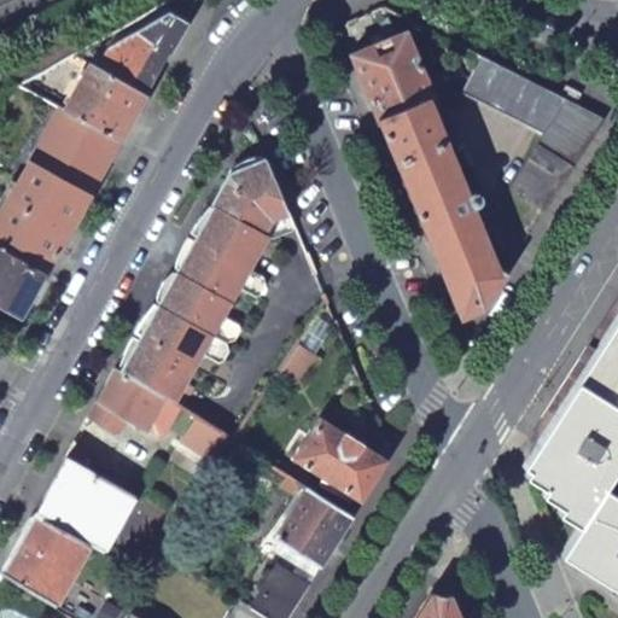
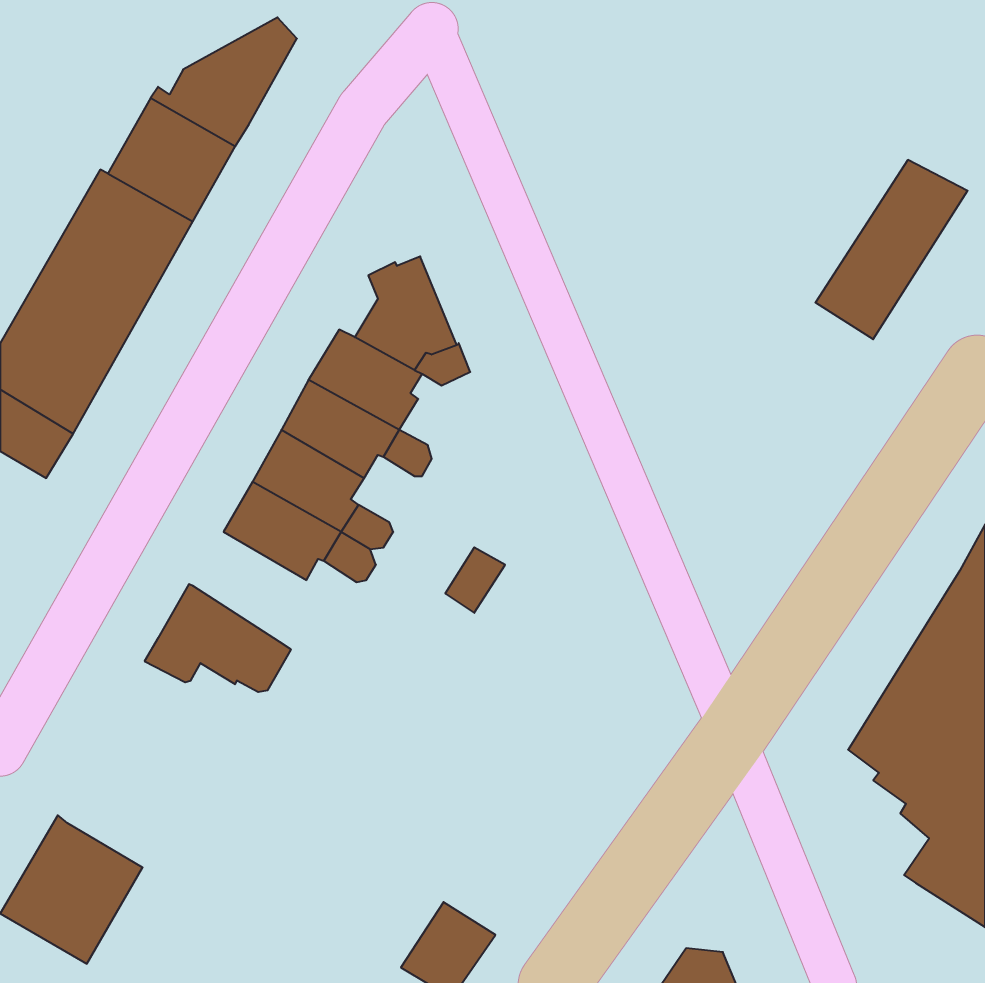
building: [352,31,513,320] -> none
building: [461,56,562,135] -> none
building: [121,334,192,403] -> none
building: [293,418,389,503] -> none
building: [42,461,134,552] -> none
building: [274,476,354,570] -> none

